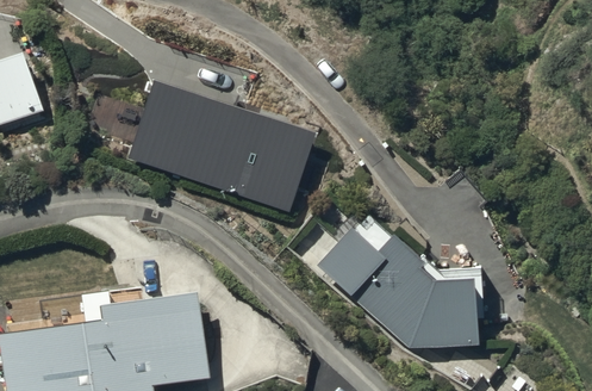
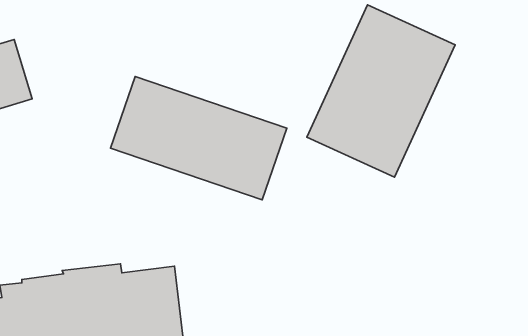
building: none -> [307,5,455,177]
building: [317,215,482,349] -> none

